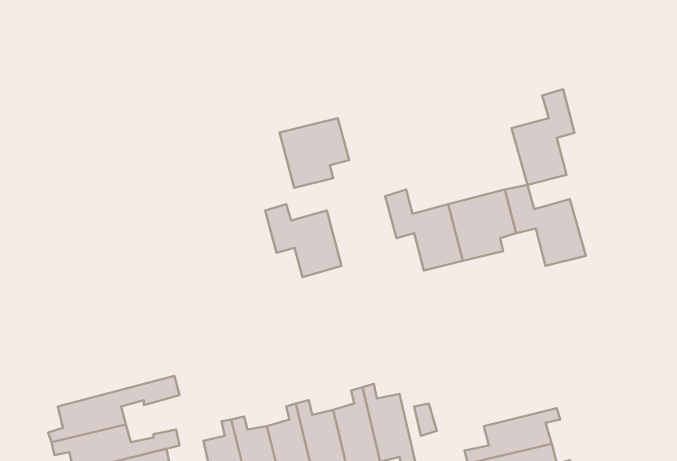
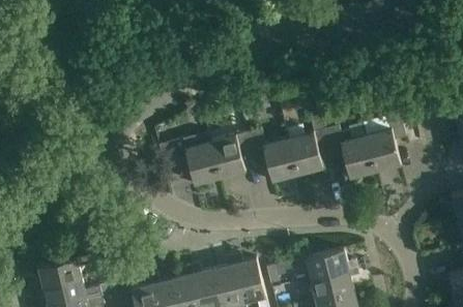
building: [511,89,575,185] -> [366,111,406,172]
building: [280,118,349,188] -> [210,133,255,178]
building: none -> [291,249,357,280]

